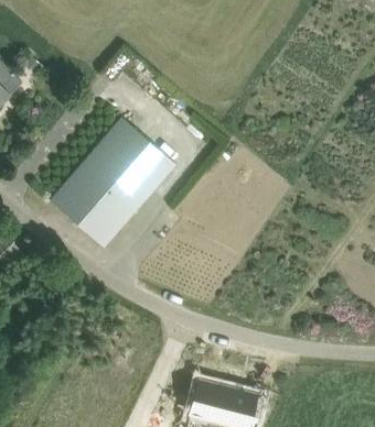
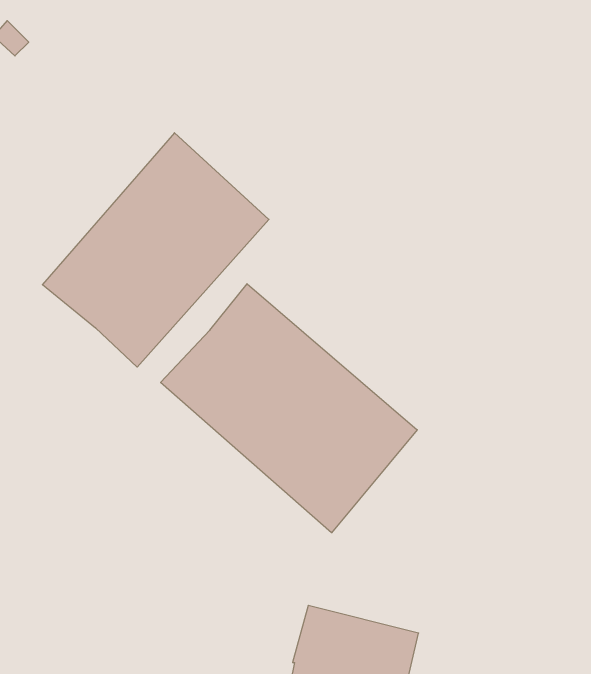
building: none -> [161,284,417,533]

